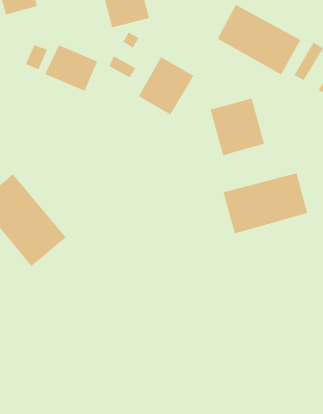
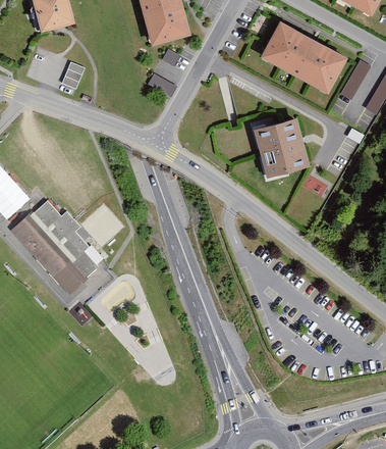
building: [45,44,98,92] -> none
building: [138,57,194,115] -> none
building: [223,172,308,234] -> none

